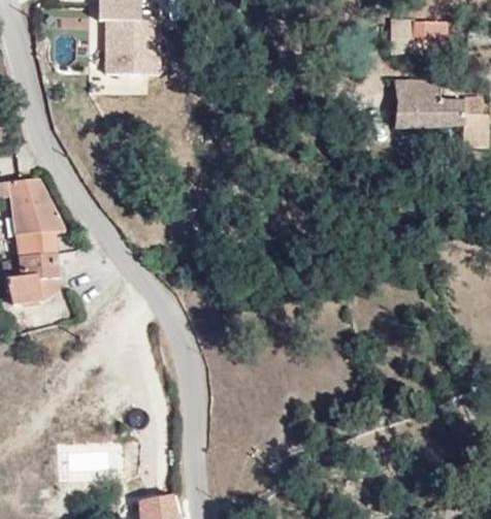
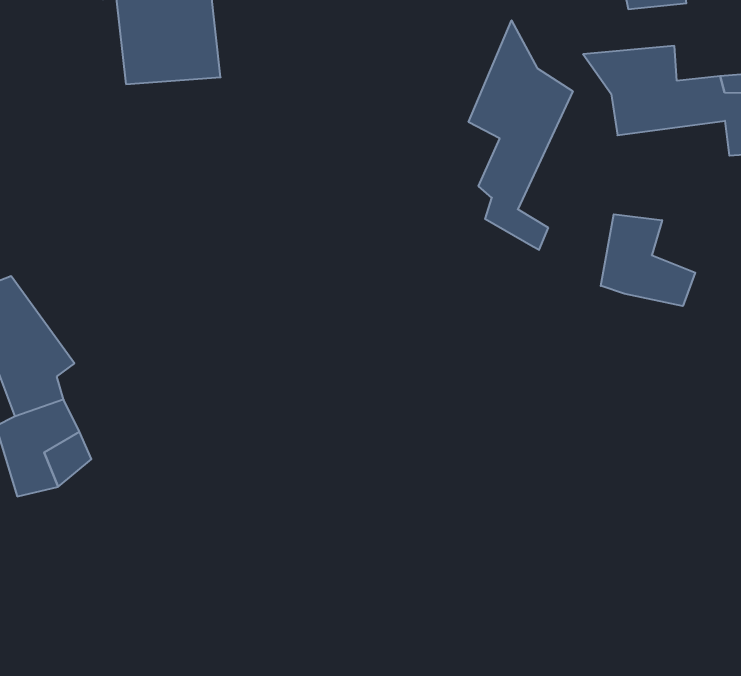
building: none -> [469,20,573,250]
building: none -> [601,214,695,306]

